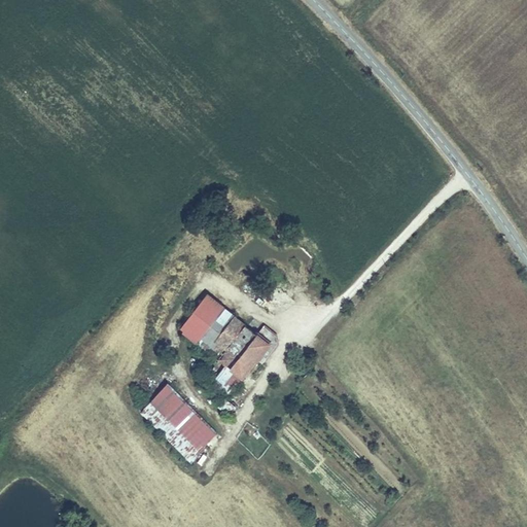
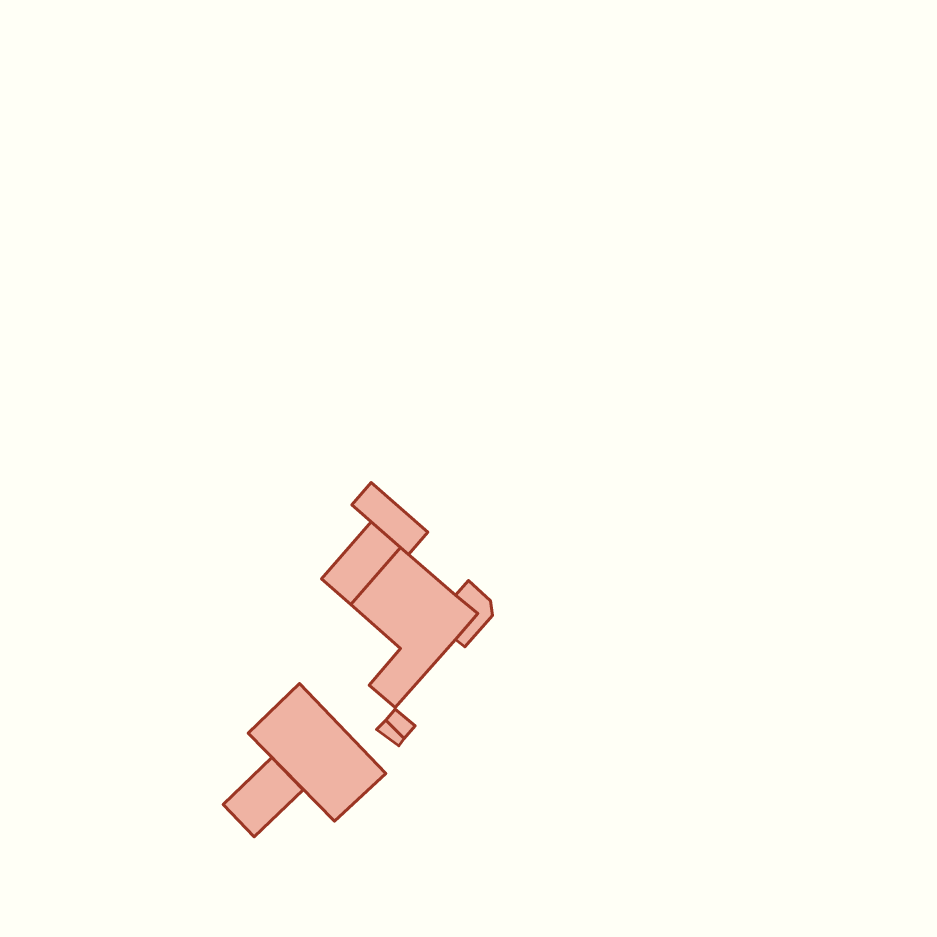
building: none -> [352,483,428,554]
building: none -> [223,757,303,837]

